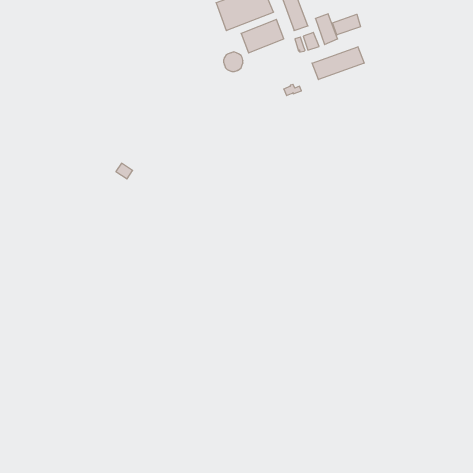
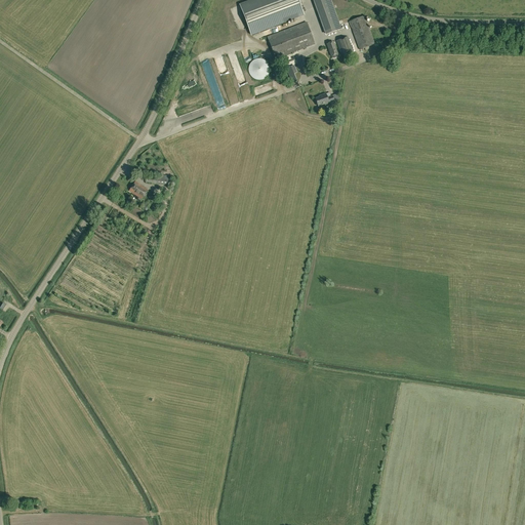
building: [333,14,361,35] -> none
building: [312,47,364,80] -> none

